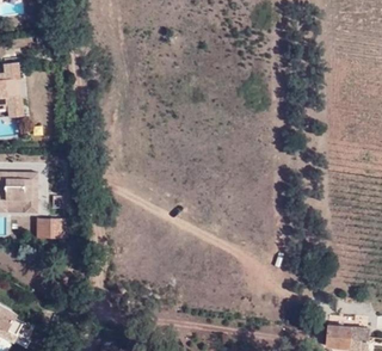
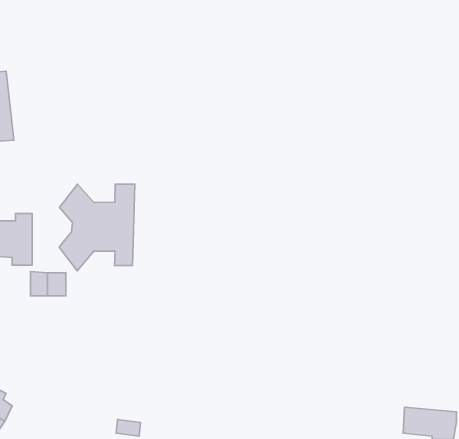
building: none -> [59,184,135,271]

